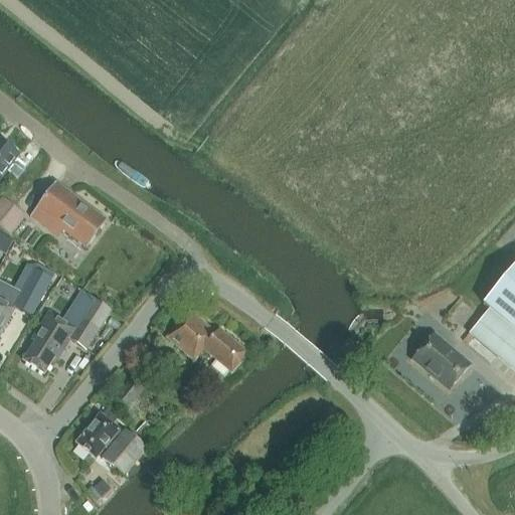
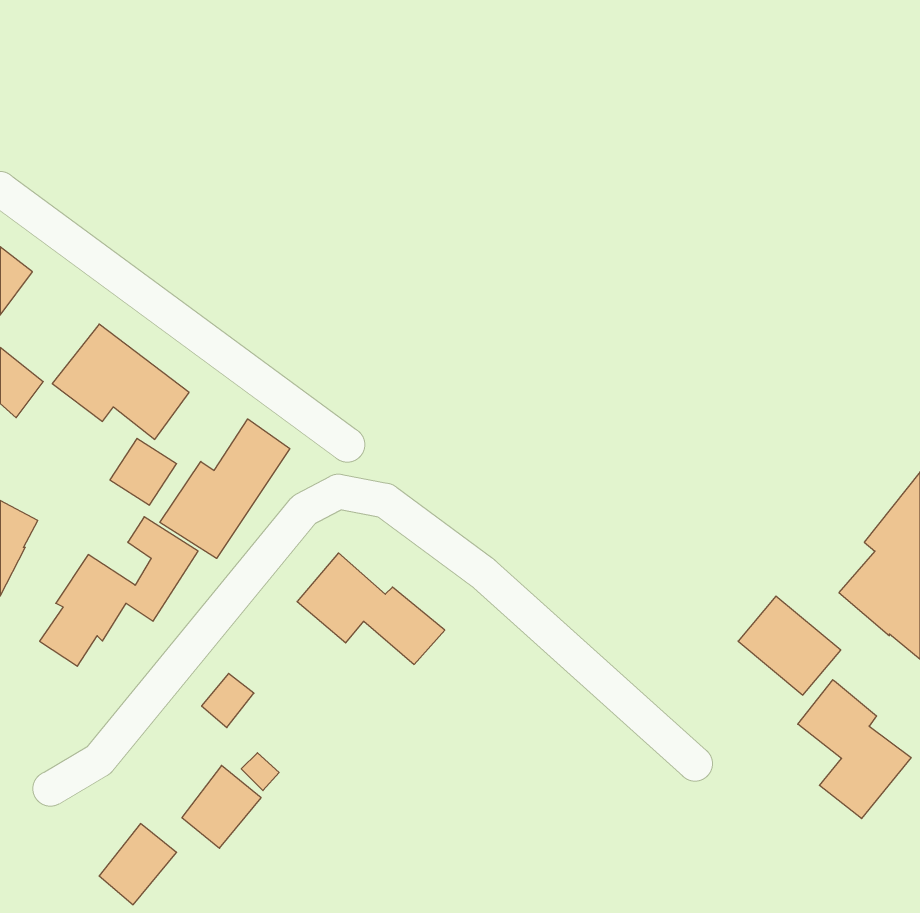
building: none -> [160,419,290,558]
building: [22,263,59,300] -> [110,438,177,505]
building: none -> [798,680,911,819]
building: [76,411,120,457] -> [99,824,177,905]

